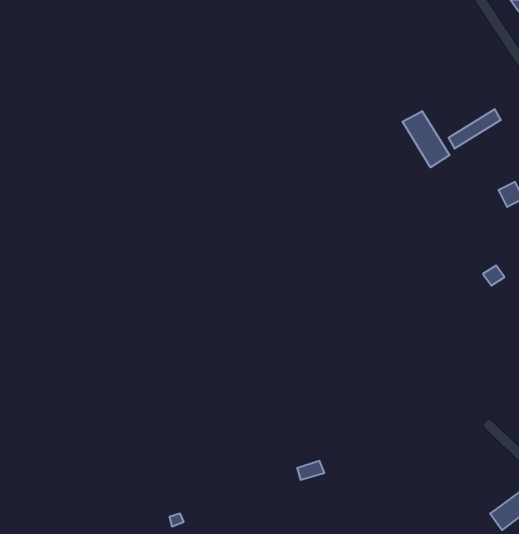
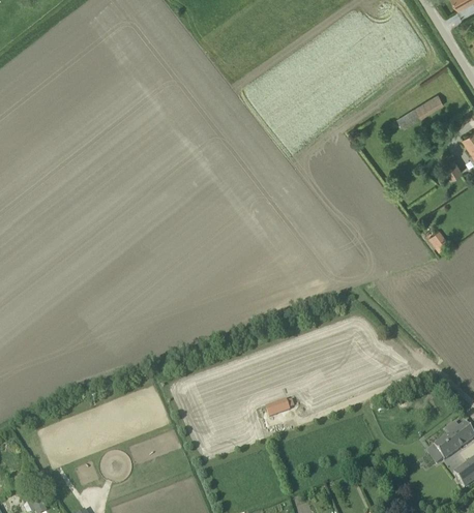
building: [402,111,450,167] -> none

